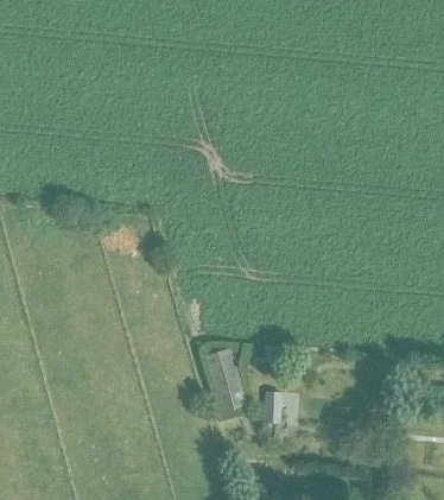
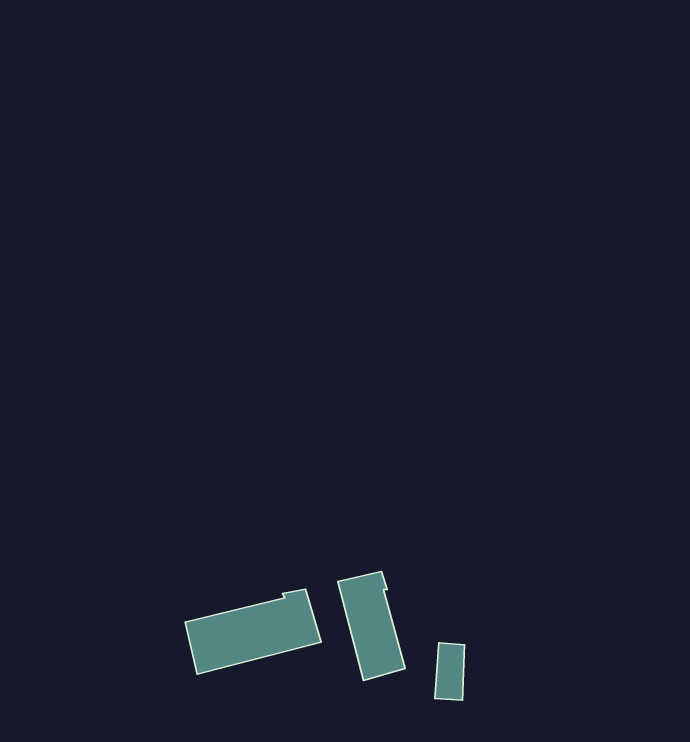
building: none -> [185,589,321,674]

